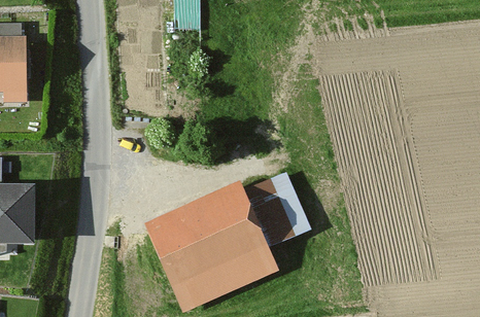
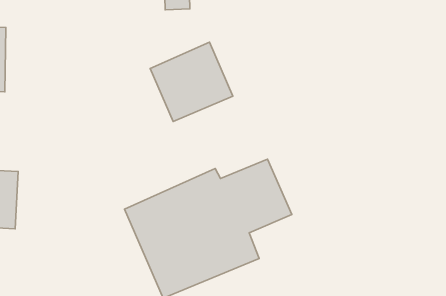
building: none -> [150,42,233,121]

